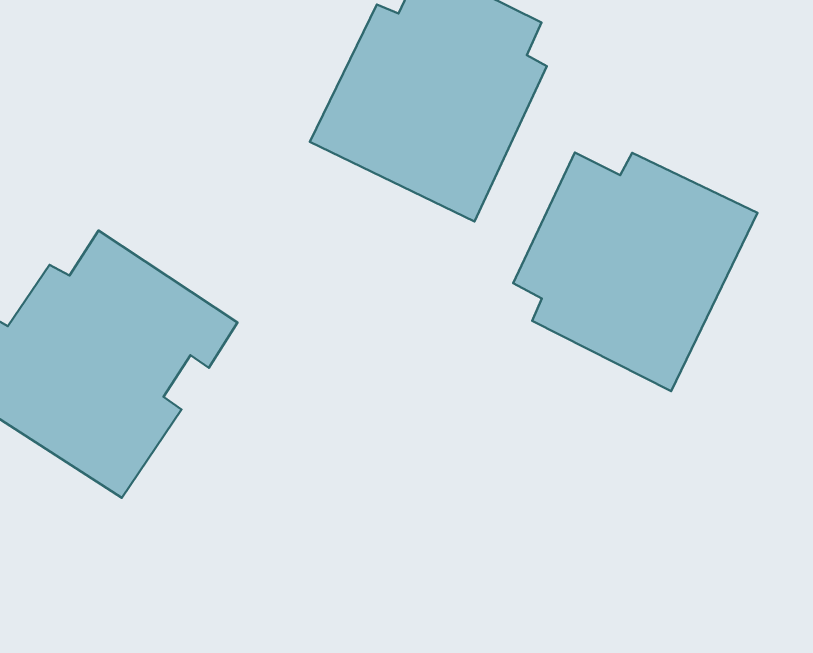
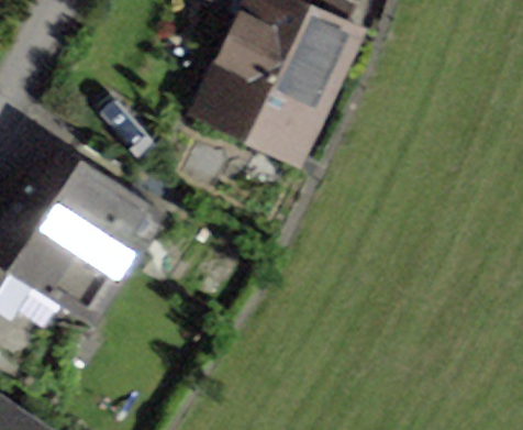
building: [513,152,757,391] -> none

